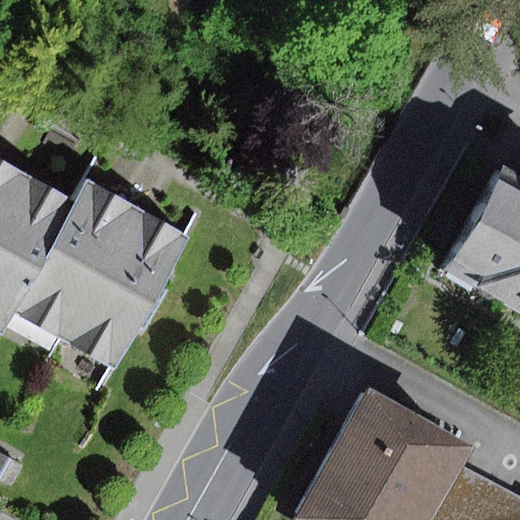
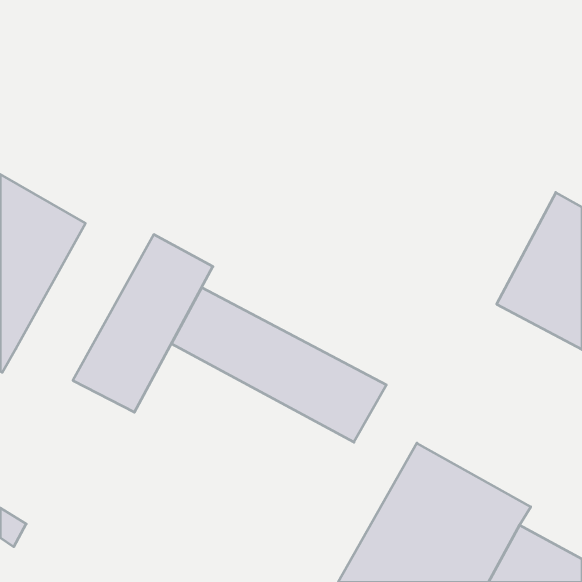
building: [14,181,137,339] -> none
building: none -> [171,288,386,442]

